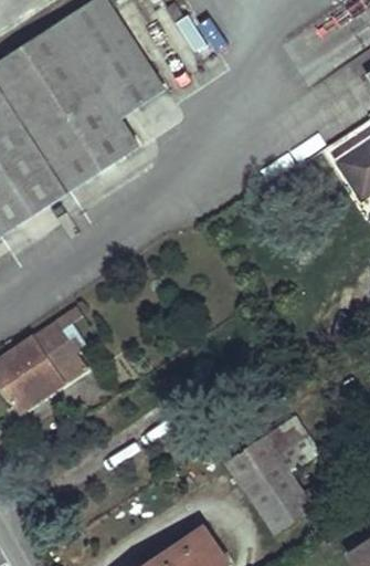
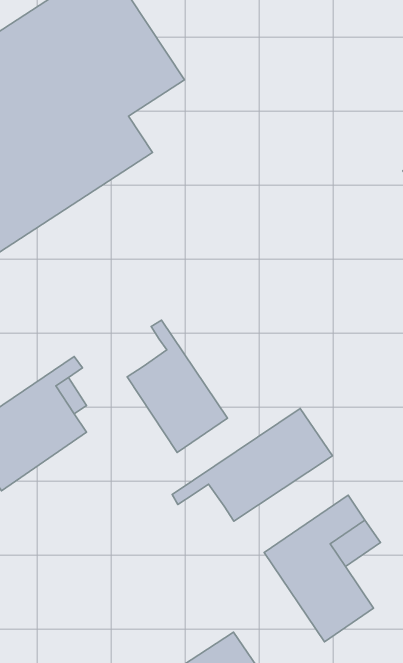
building: none -> [127,320,227,452]
building: none -> [172,409,332,521]

